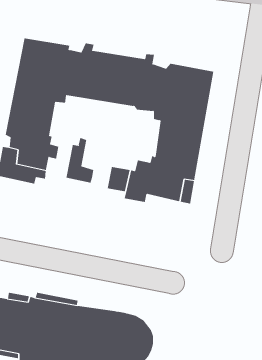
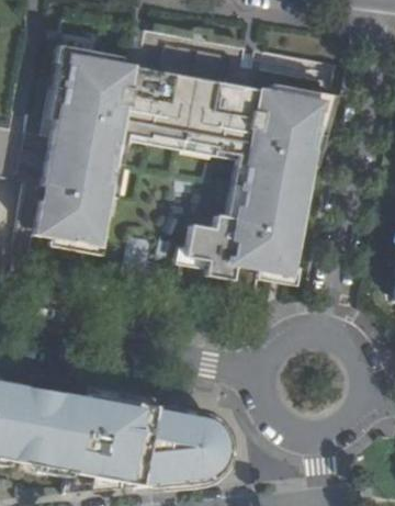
building: [66,137,94,183] -> none

